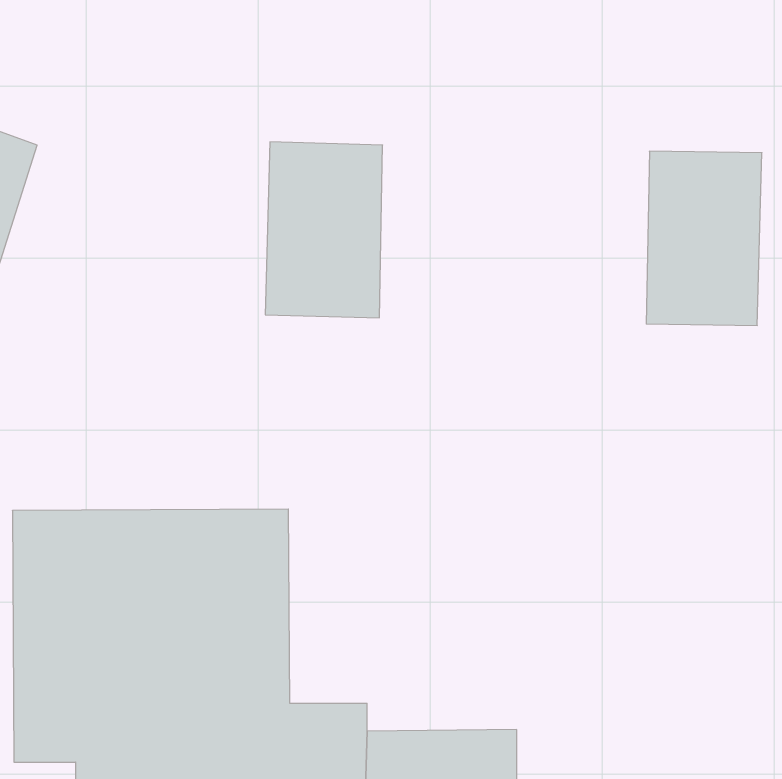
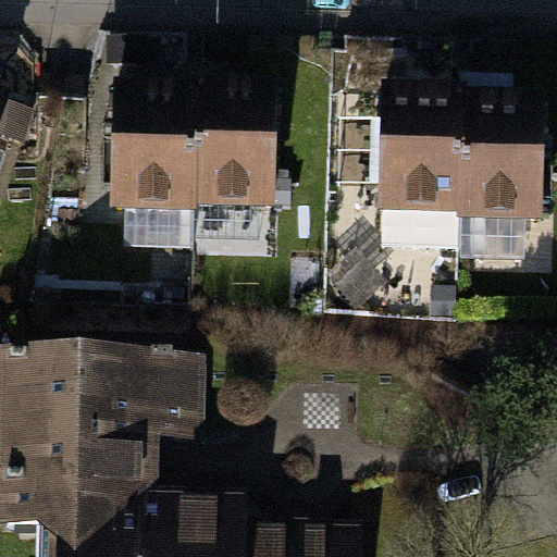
building: none -> [108,106,190,228]
building: none -> [376,111,458,235]

